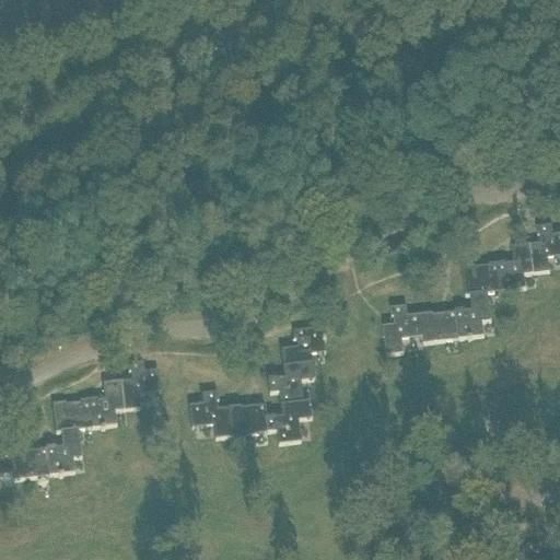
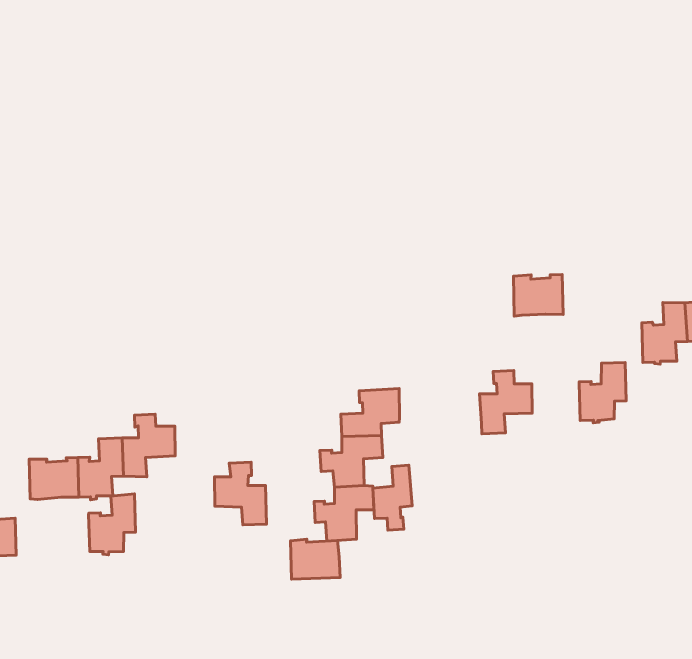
building: [464,259,503,293] -> [513,275,563,316]
building: [422,308,460,340] -> none
building: none -> [373,465,412,530]
building: [231,401,270,433] -> [290,539,340,579]
building: [47,427,83,474] -> [89,494,136,555]

